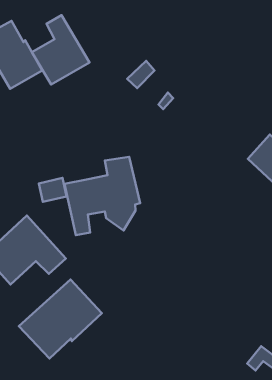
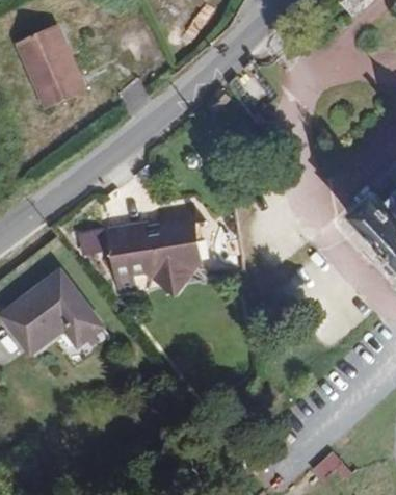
building: [32,15,89,85] -> none
building: [19,280,102,358] -> none

